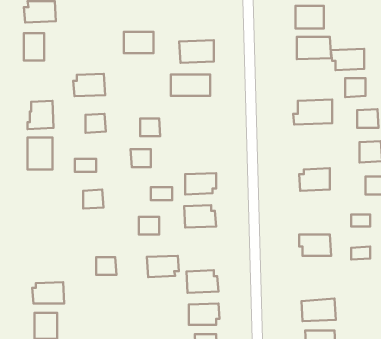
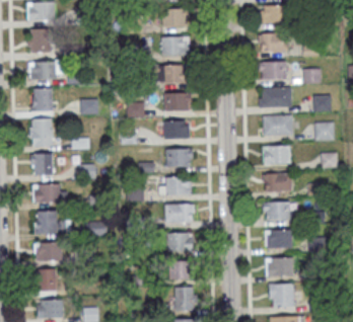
building: [124,32,154,53] -> [161,9,187,27]
building: [331,49,364,70] -> [258,61,286,79]
building: [73,74,105,96] -> [29,61,57,80]
building: none -> [164,92,191,111]
building: none -> [263,114,292,135]
building: none -> [162,120,190,139]
building: none -> [30,154,52,175]
building: none -> [262,172,292,191]
building: none -> [33,184,61,203]
building: none -> [34,211,57,235]
building: [147,256,179,277] -> [164,204,192,222]
building: none -> [264,229,293,248]

